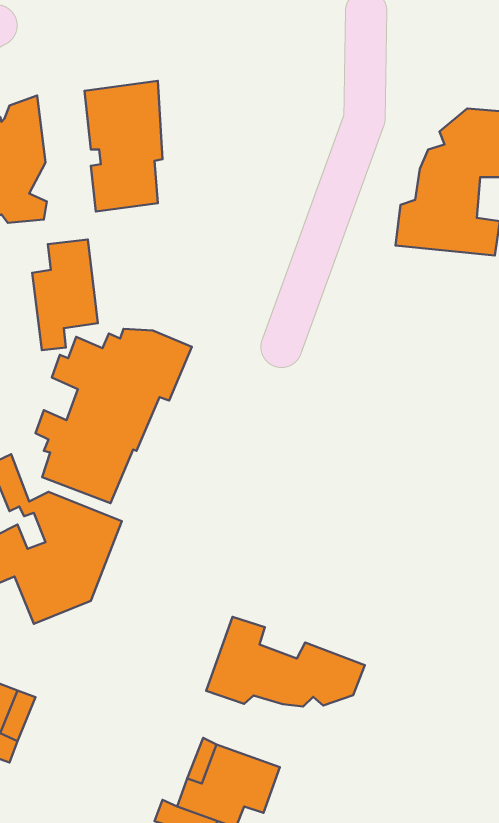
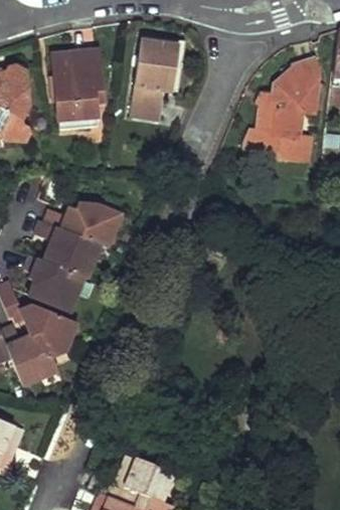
building: none -> [131,41,180,122]
building: [32,239,98,350] -> none
building: [206,617,365,706] -> none

